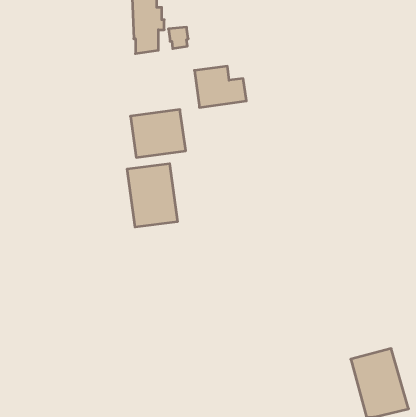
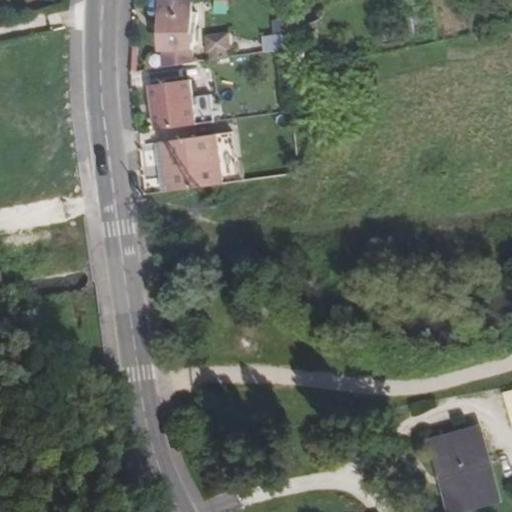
building: [194,66,246,107] -> [146,80,209,130]
building: [127,164,177,227] -> none

